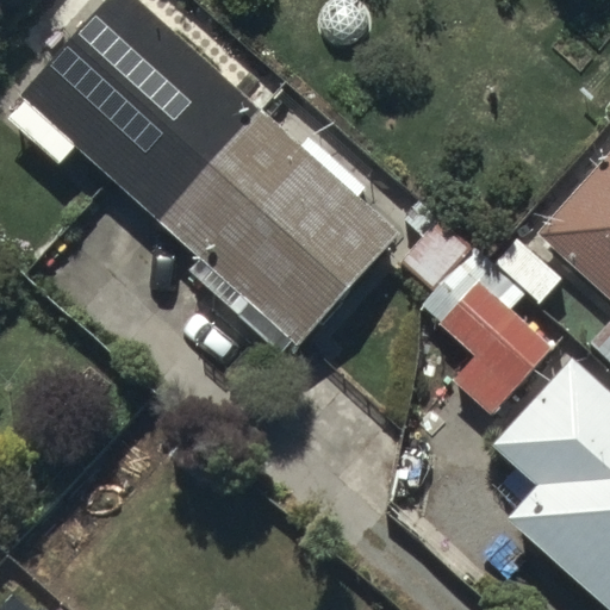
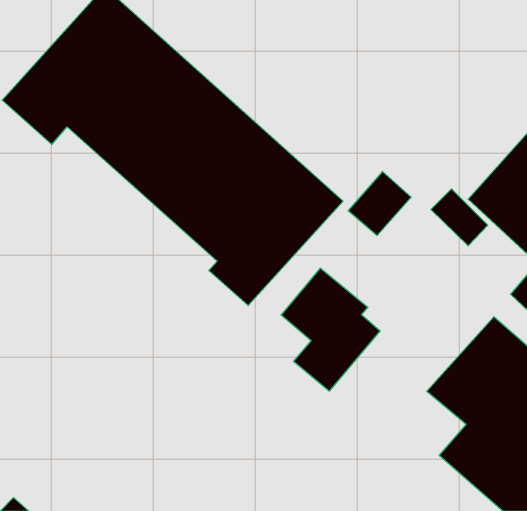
building: [441,270,555,412] -> [281,268,380,391]

